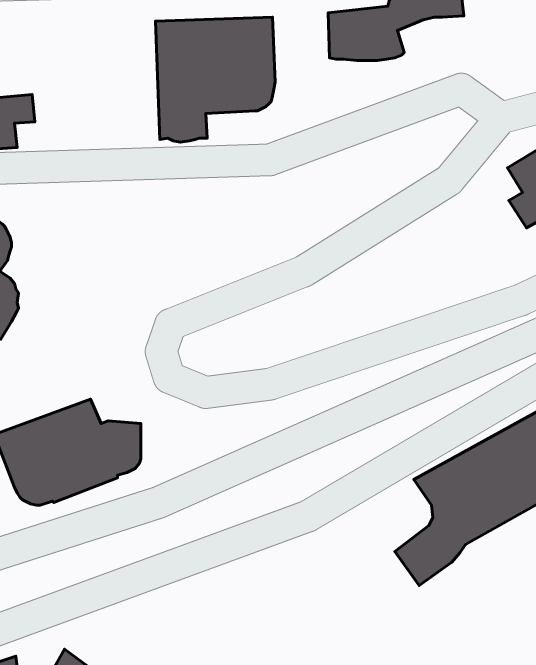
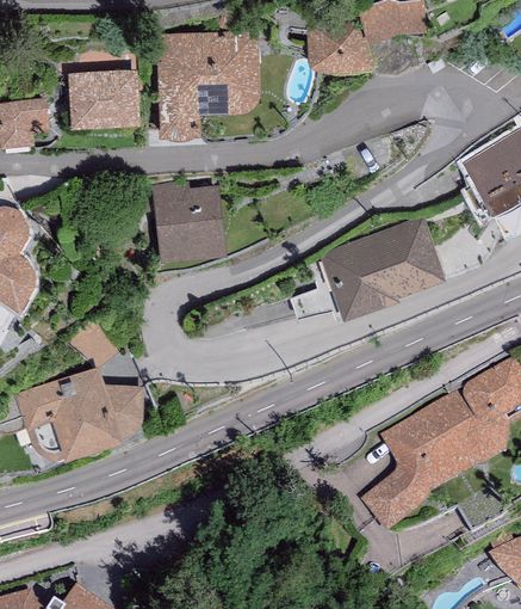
building: none -> [68,68,139,127]
building: none -> [151,182,225,262]
building: none -> [320,215,446,319]

